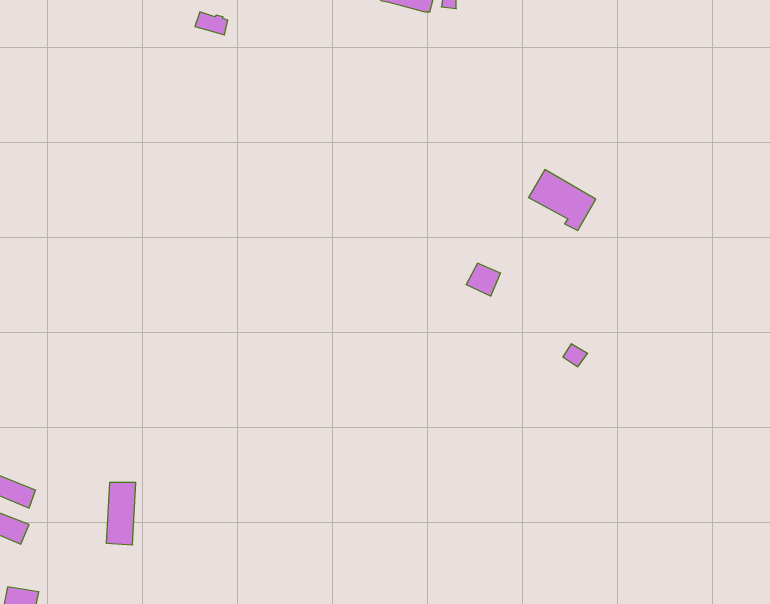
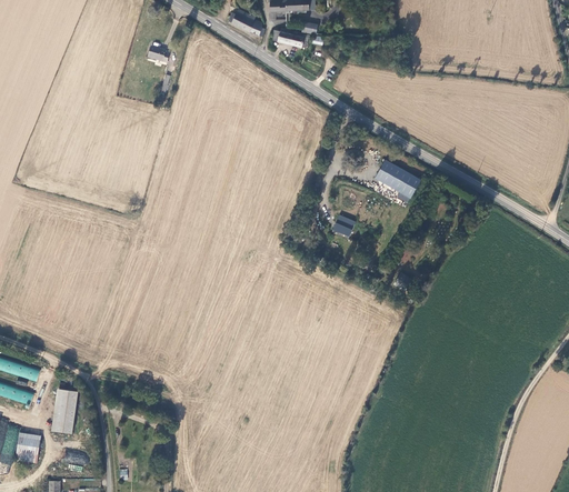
building: [106,482,136,545] -> [53,390,73,432]

